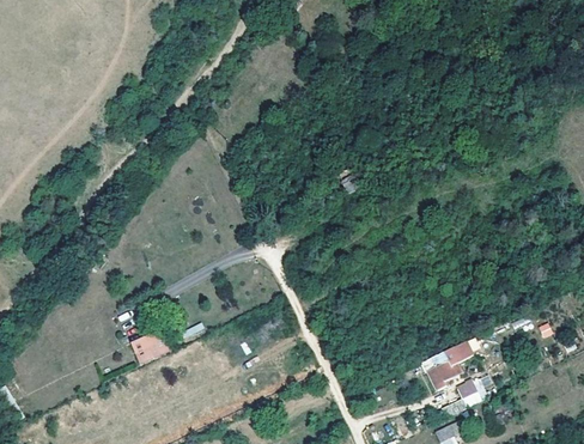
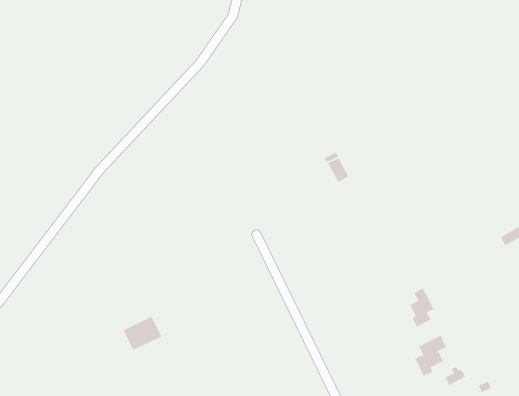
building: none -> [409,287,435,328]

